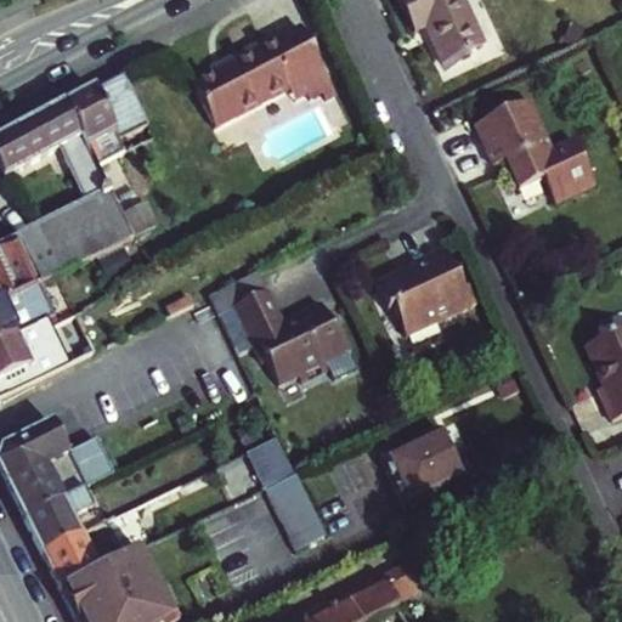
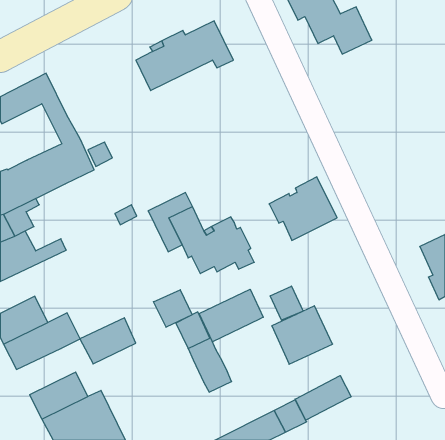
building: [64,73,147,162] -> none
building: [476,97,598,200] -> none
building: none -> [270,286,303,320]
building: none -> [199,289,263,342]
building: none -> [153,290,192,327]
building: [23,486,101,550] -> [80,318,136,364]
building: none -> [295,376,351,420]

